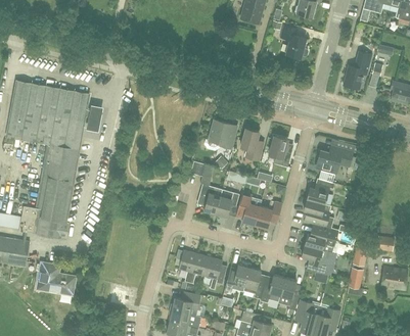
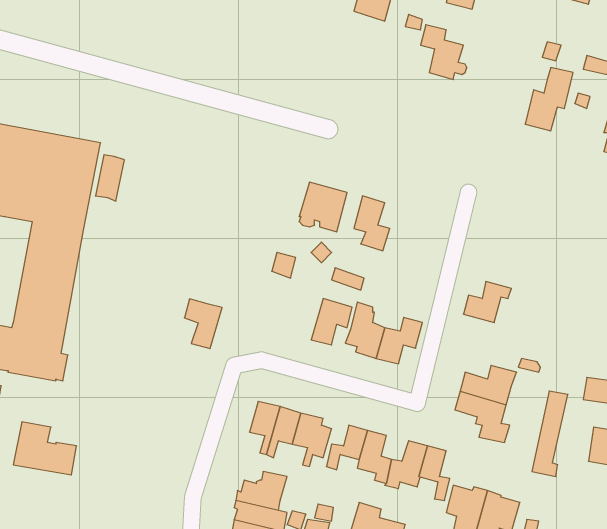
building: [268,135,290,166] -> none
building: [315,143,359,174] -> none
building: [199,184,222,213] -> [184,299,222,349]
building: [303,198,334,228] -> none

